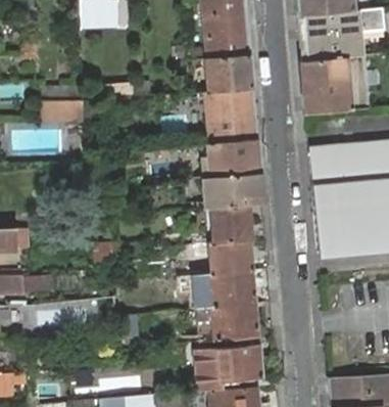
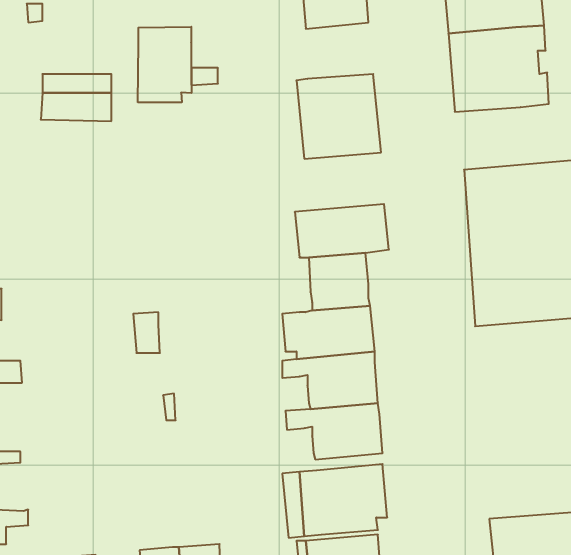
building: [208,53,253,90] -> none
building: none -> [138,27,191,102]
building: [199,138,260,177] -> none

